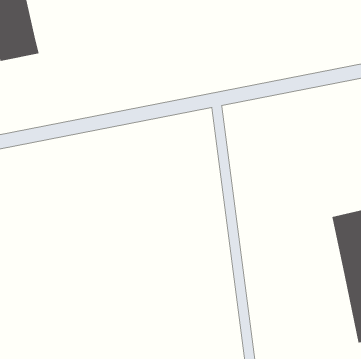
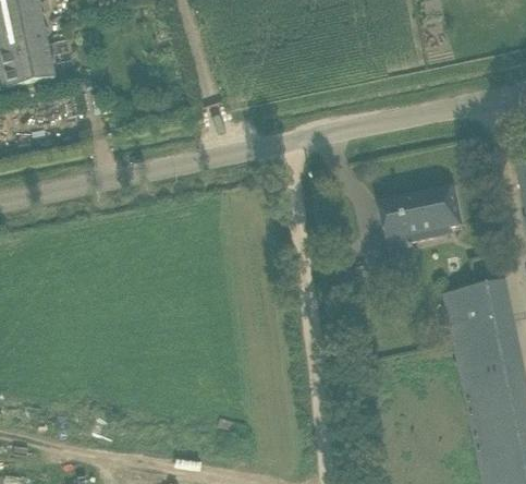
building: none -> [378,184,463,244]

